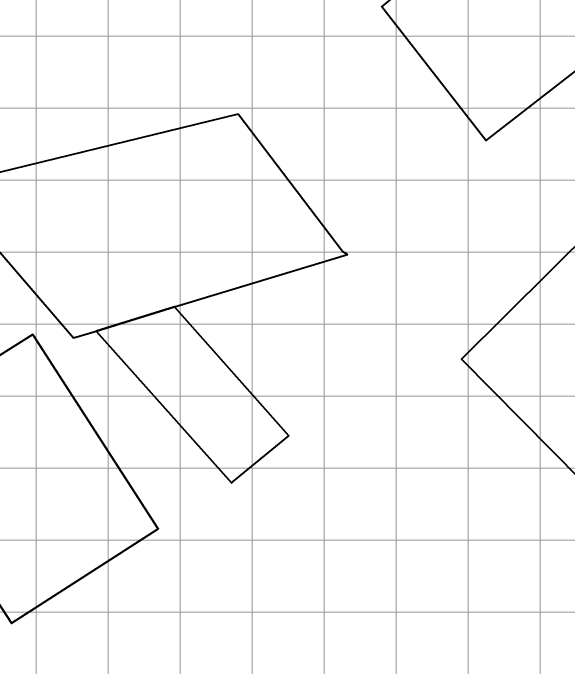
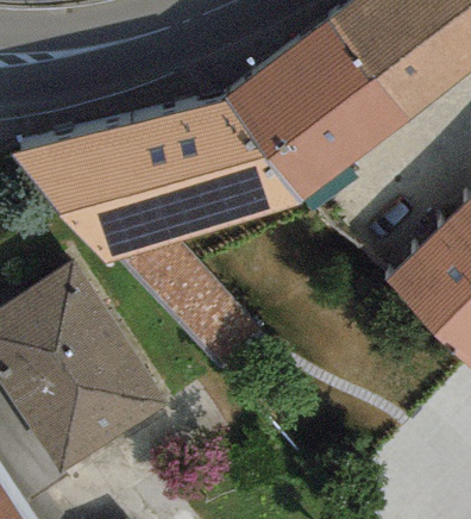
building: none -> [224,23,404,201]

